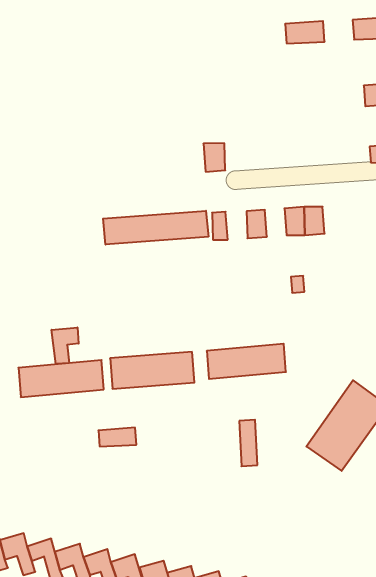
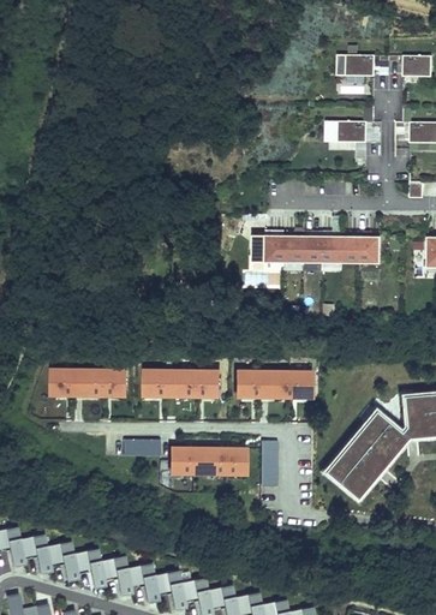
building: none -> [329,120,366,141]
building: [203,143,225,172] -> [265,234,286,262]
building: none -> [360,237,381,263]
building: none -> [304,235,323,262]
building: [103,211,208,245] -> none
building: [52,327,79,364] -> none
building: none -> [172,448,246,476]

